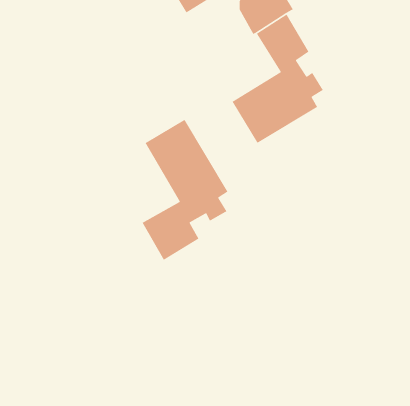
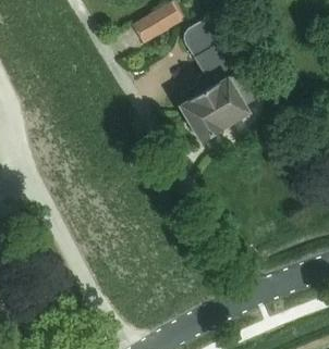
building: [142,119,228,261] -> none

